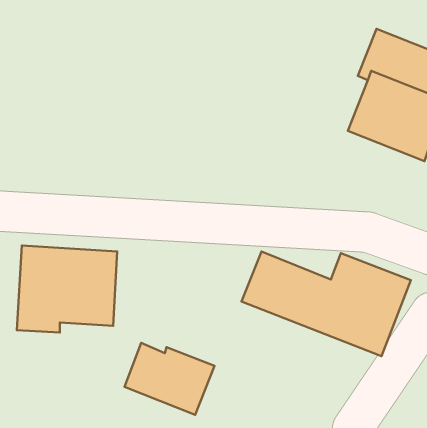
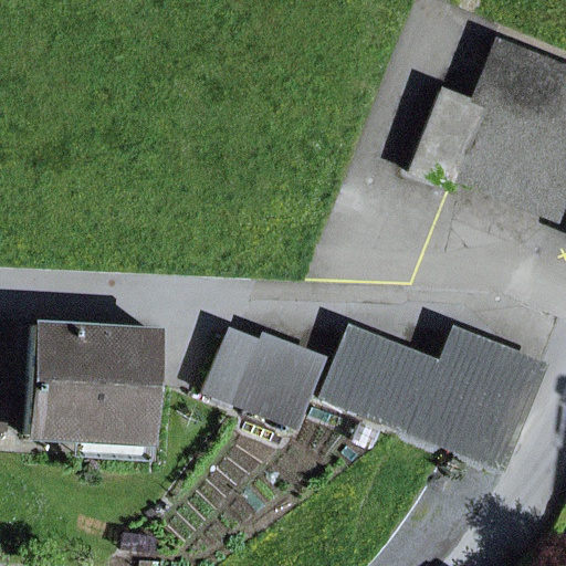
building: none -> [412,87,488,186]
building: [124,343,215,415] -> [206,332,324,426]

